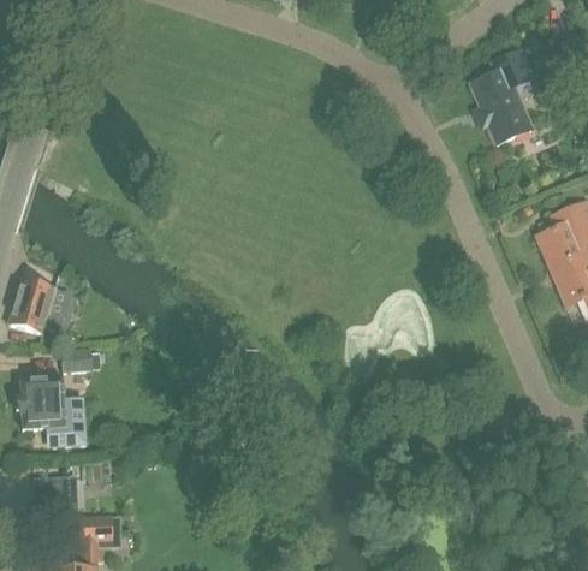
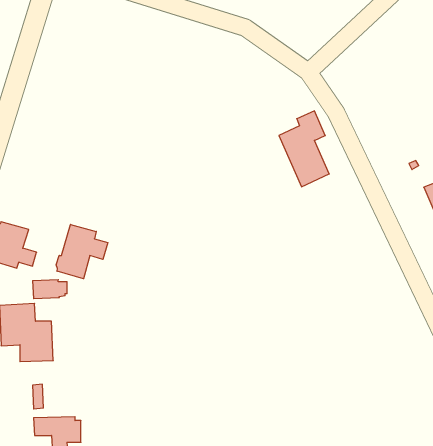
building: [470,50,531,143] -> [279,111,329,187]
building: none -> [56,224,108,279]

